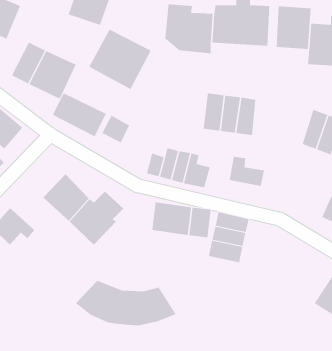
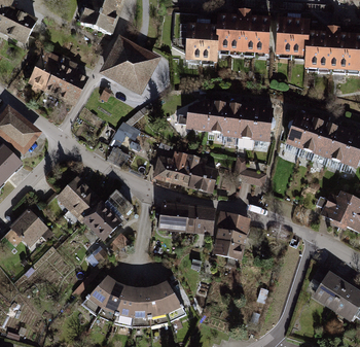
building: [52,93,107,137] -> none
building: none -> [178,99,211,133]
building: none -> [254,105,274,141]
building: none -> [286,110,311,147]

